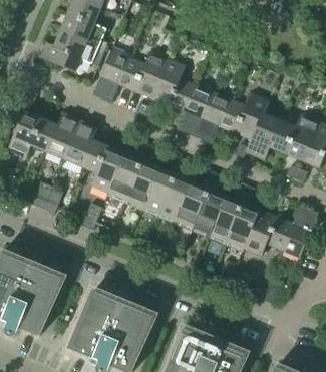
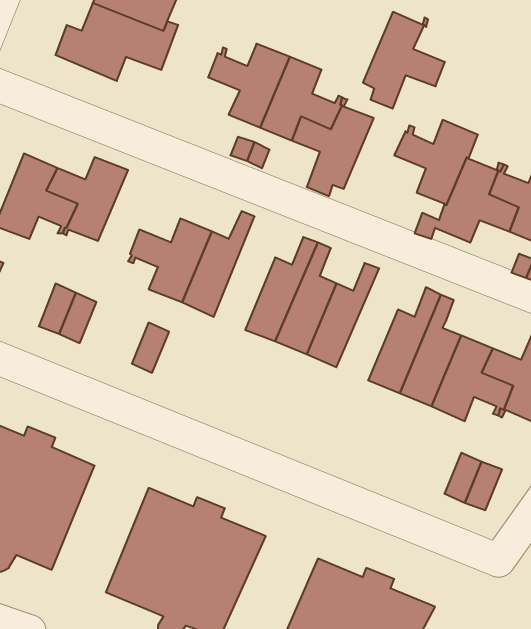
building: [94,50,139,102] -> none
building: [196,92,240,144] -> [363,12,445,109]
building: [63,120,107,169] -> none
building: [125,145,158,207] -> none
building: [192,173,225,234] -> none

